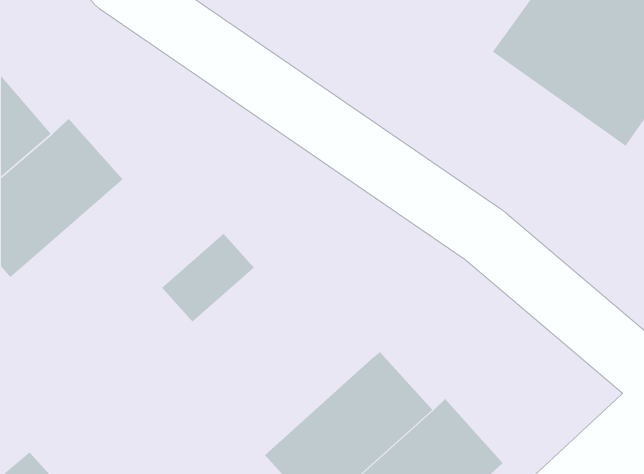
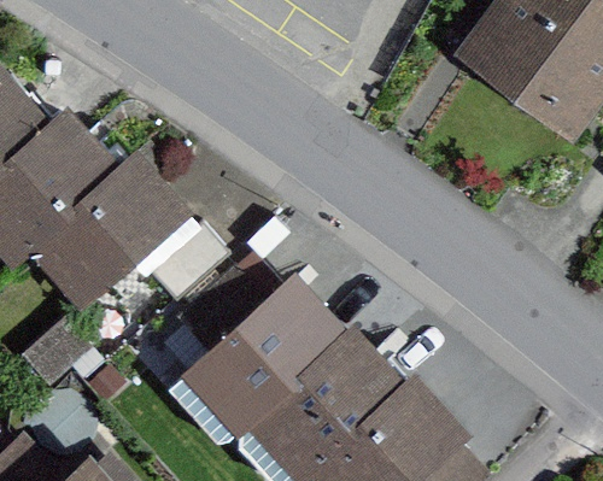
building: none -> [29,157,189,310]
building: none -> [175,276,347,444]

